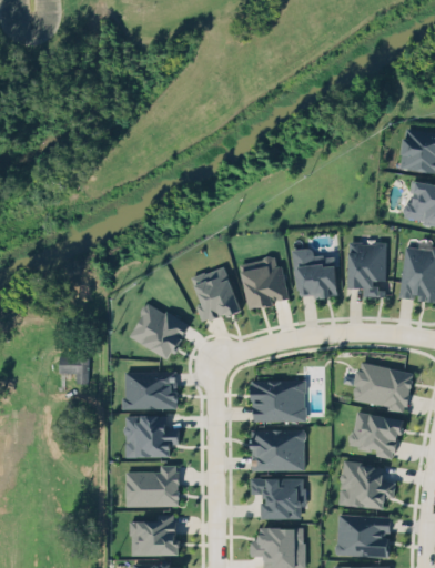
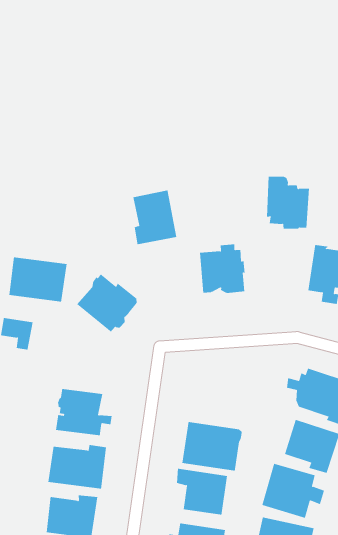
building: [293,248,338,300] -> [266,176,310,229]
building: [191,267,240,325] -> [133,190,177,245]
building: [123,373,176,412] -> [9,257,67,302]
building: [252,382,305,424] -> none

